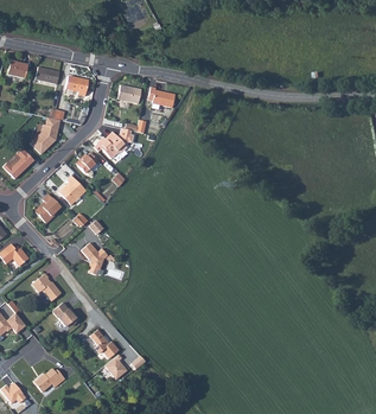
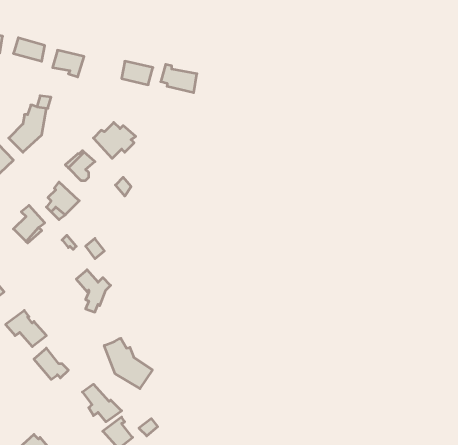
building: none -> [104,338,152,389]

